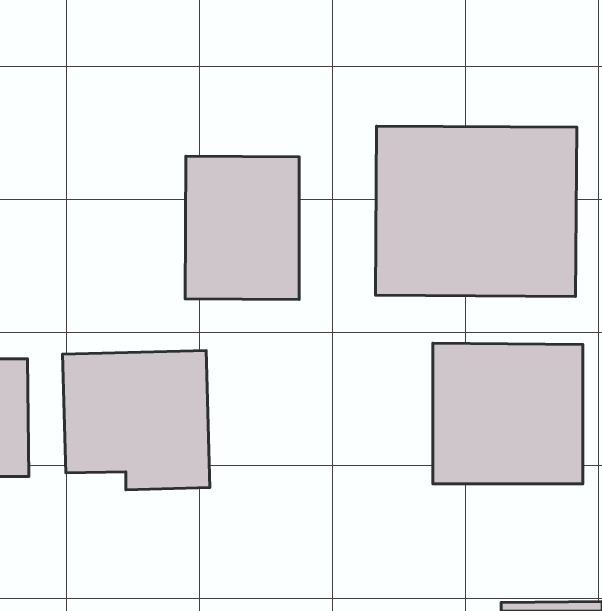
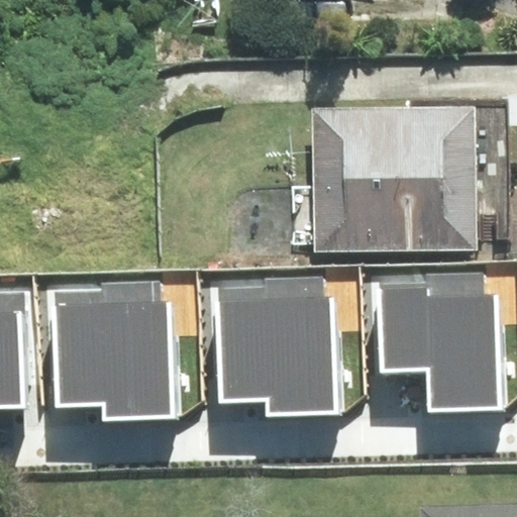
building: [185,156,299,299] -> none
building: none -> [217,291,335,406]

